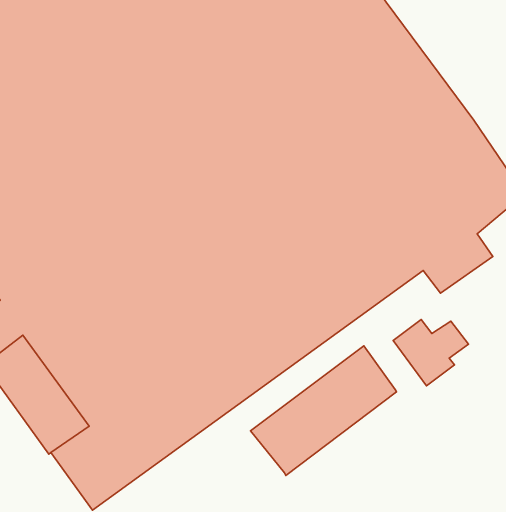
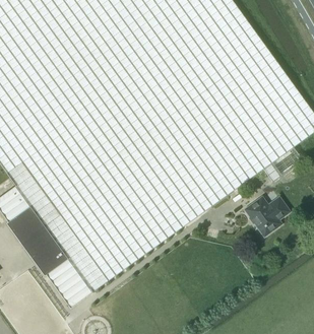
building: [251,346,397,476] -> none

